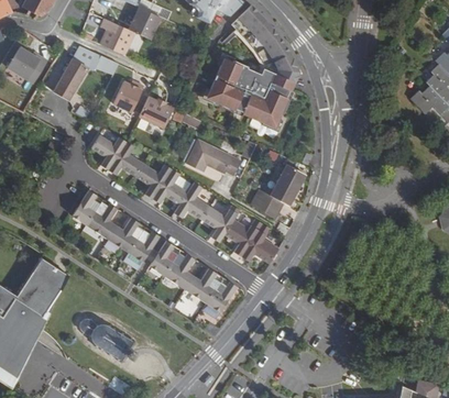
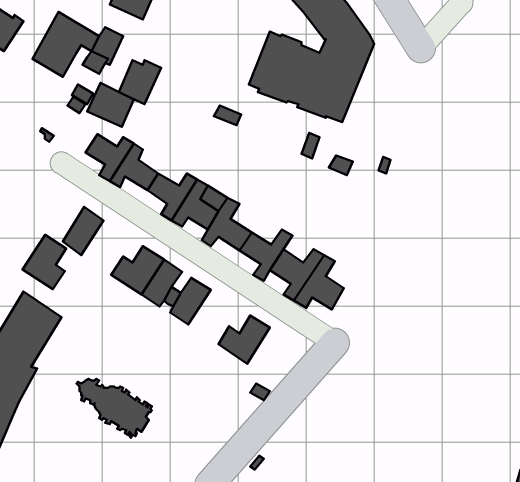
building: [136,99,171,131] -> [87,83,134,127]
building: [185,143,239,176] -> none
building: [250,165,304,219] -> none
building: [84,199,116,239] -> [23,235,66,289]
building: [162,250,193,289] -> none
building: [205,277,236,312] -> none

